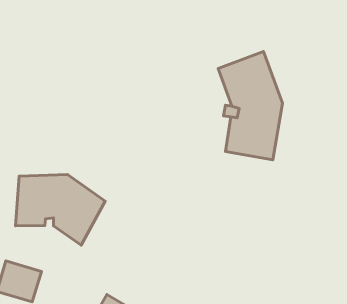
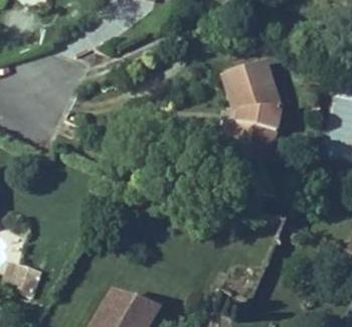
building: [15,175,105,245] -> none

